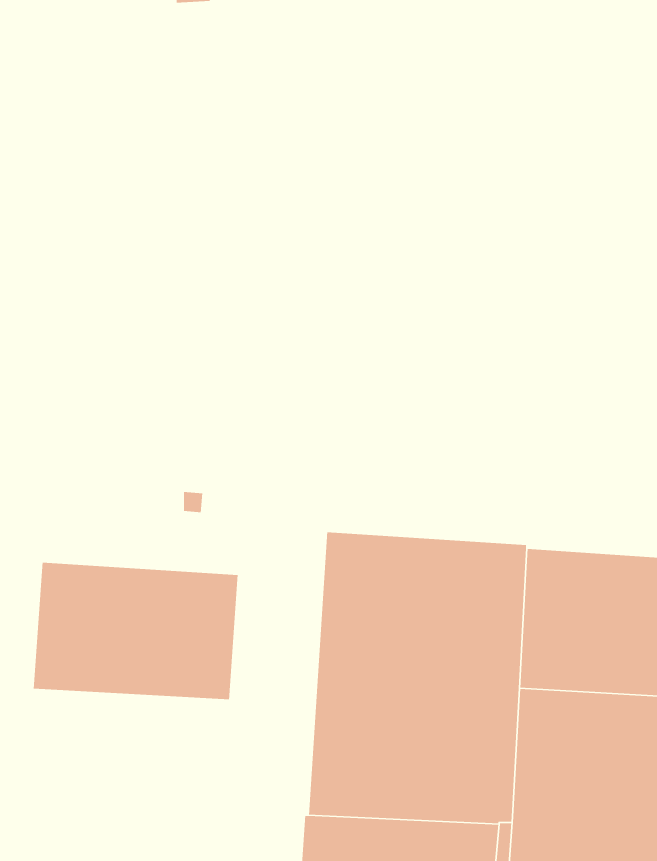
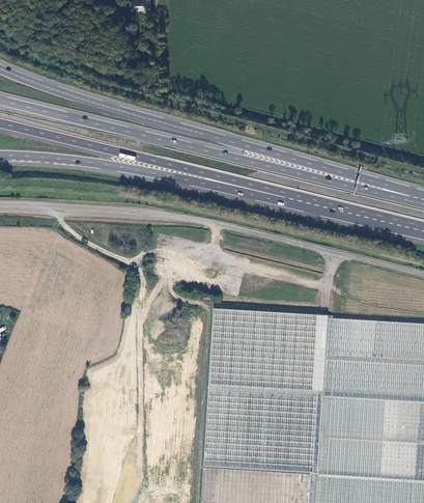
building: [33,562,239,700] -> none

